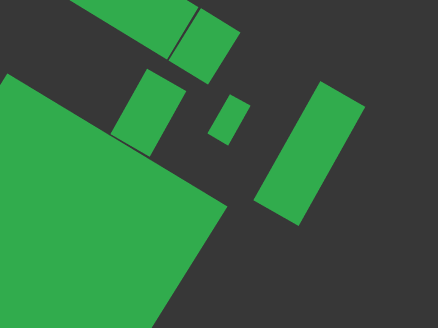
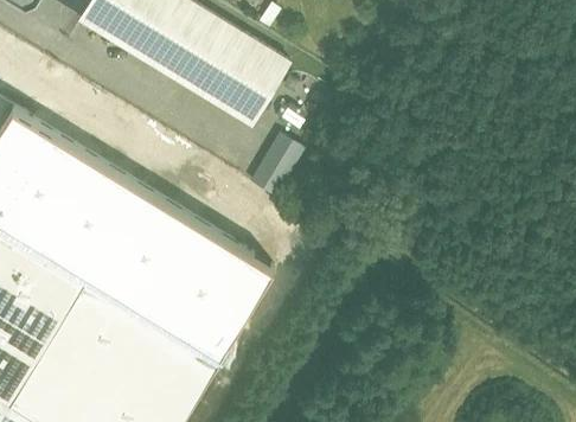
building: [109,68,187,158] -> none
building: [253,80,366,227] -> none

